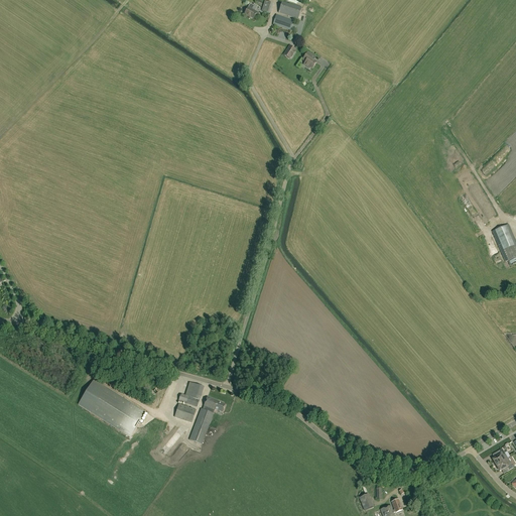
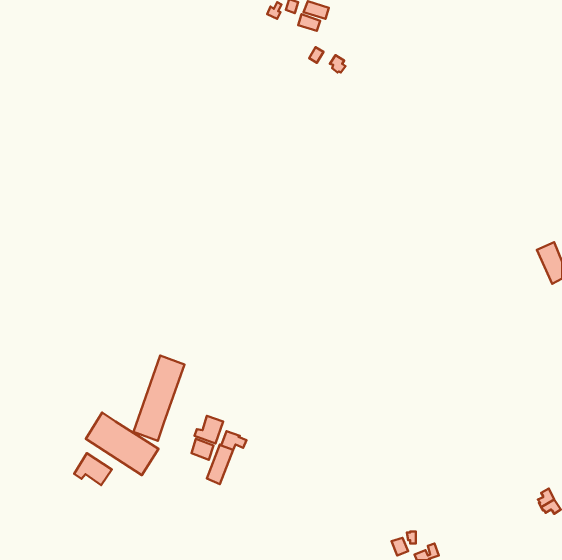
building: none -> [133,355,184,441]
building: none -> [74,453,112,485]

